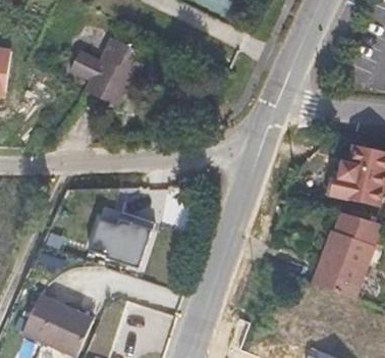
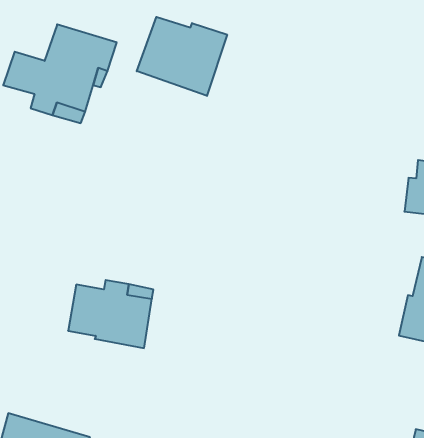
building: none -> [137,17,227,96]

